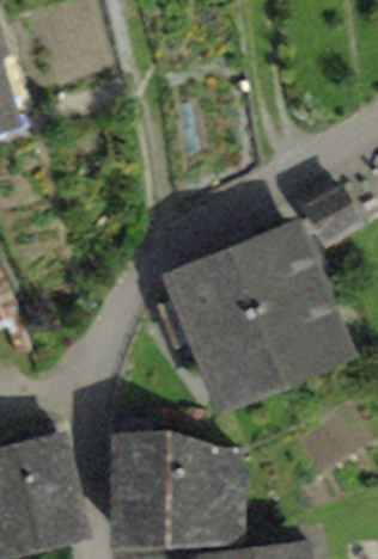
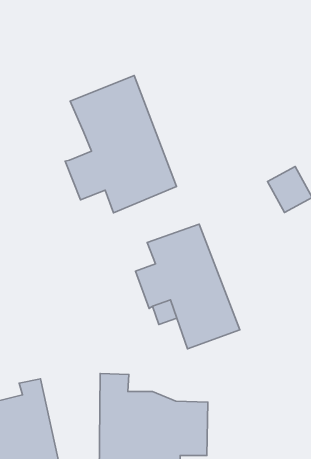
building: none -> [65,76,177,213]
building: [236,232,340,375] -> none

